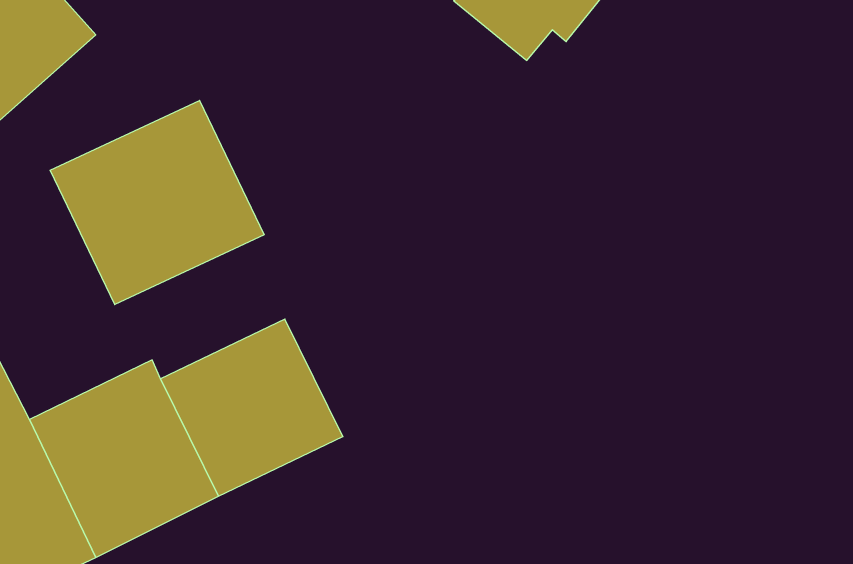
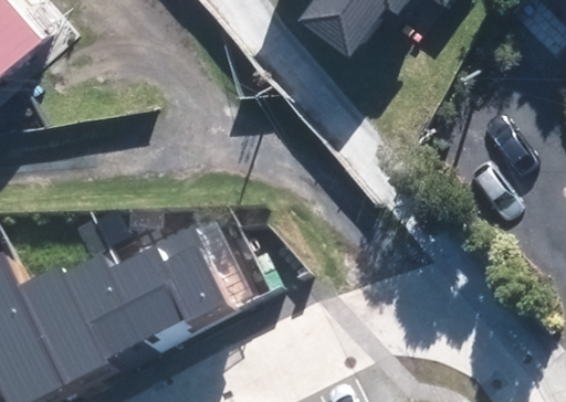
building: [50,100,264,305] -> none

